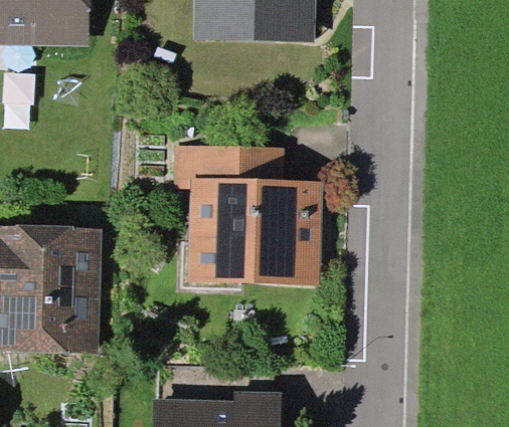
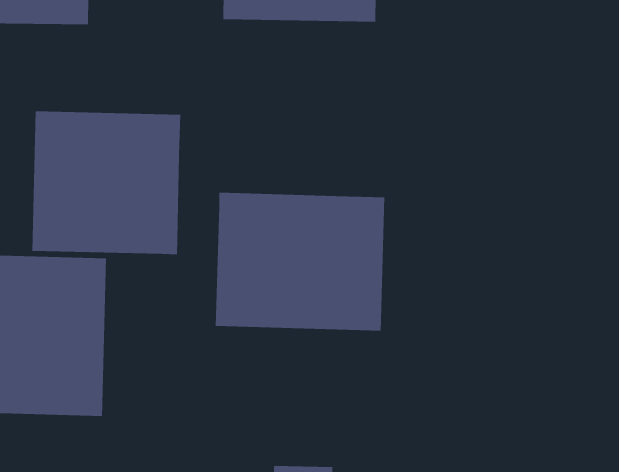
building: none -> [31,111,181,255]
building: [175,145,285,188] -> none

